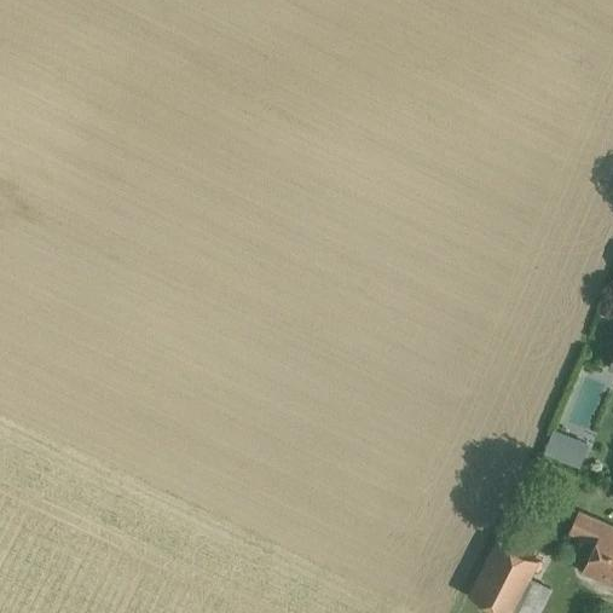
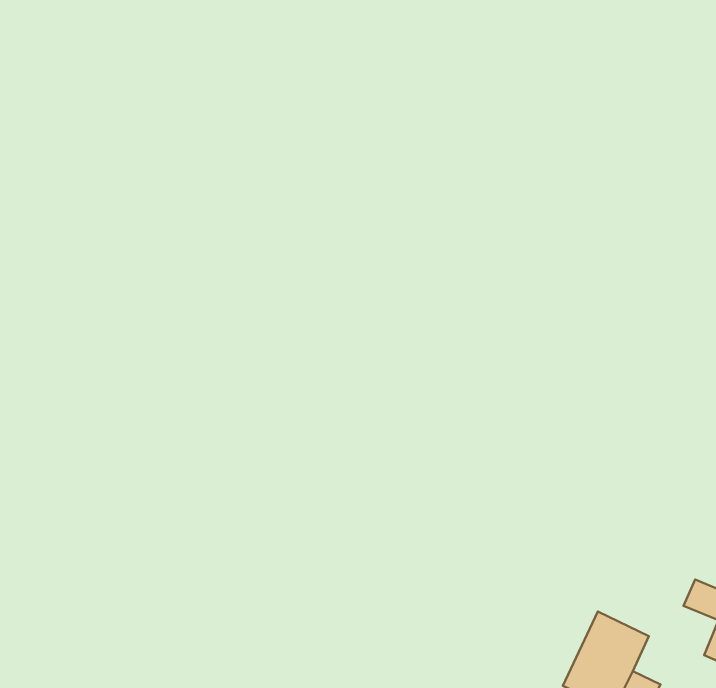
building: [543,434,589,473] -> none

